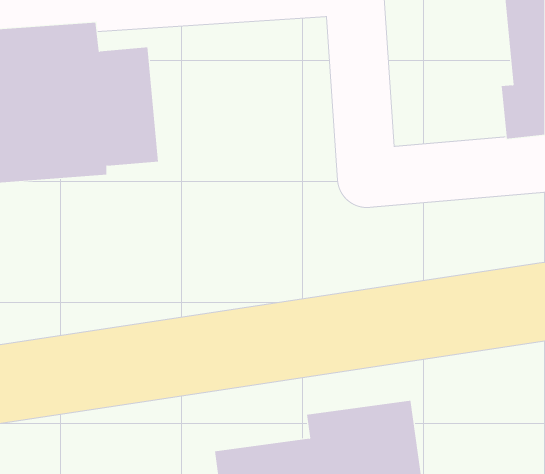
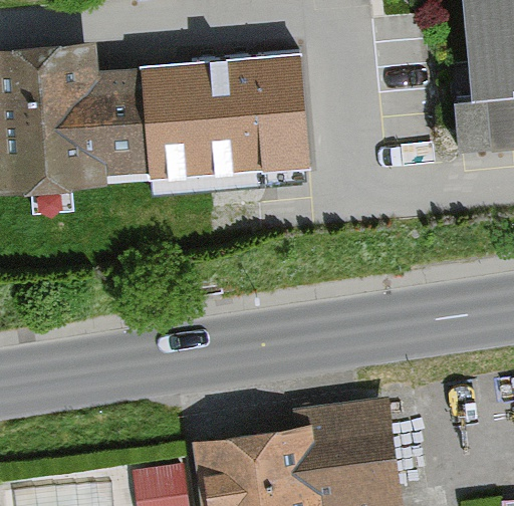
building: none -> [144,57,305,177]

